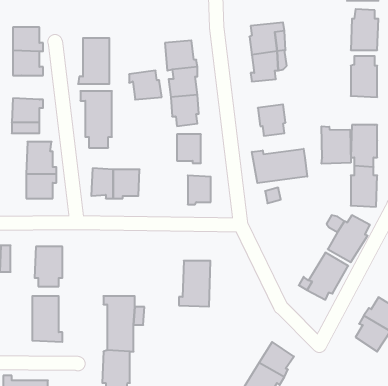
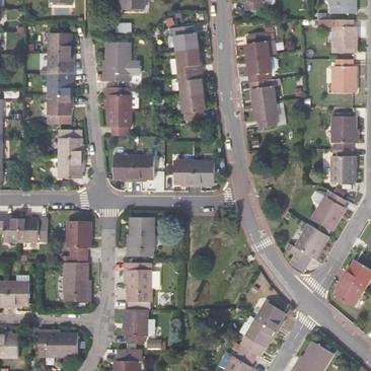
building: [129,71,162,100] -> [170,24,198,49]
building: none -> [48,76,73,96]
building: none -> [248,77,279,103]
building: [322,126,351,164] -> none
building: [177,134,201,163] -> [174,160,195,184]
building: [252,149,307,183] -> none
building: [179,261,210,307] -> [126,216,152,254]

